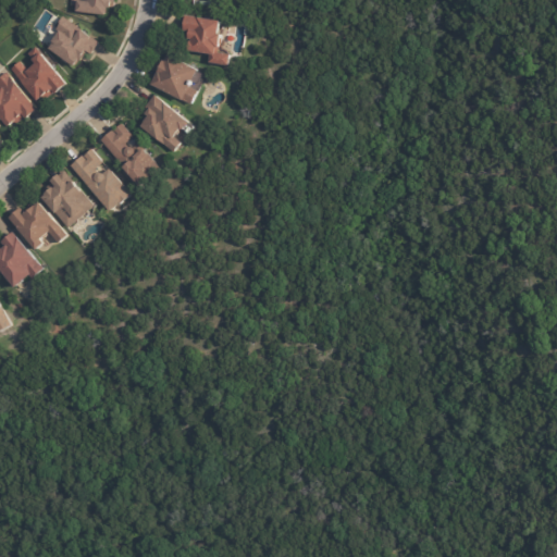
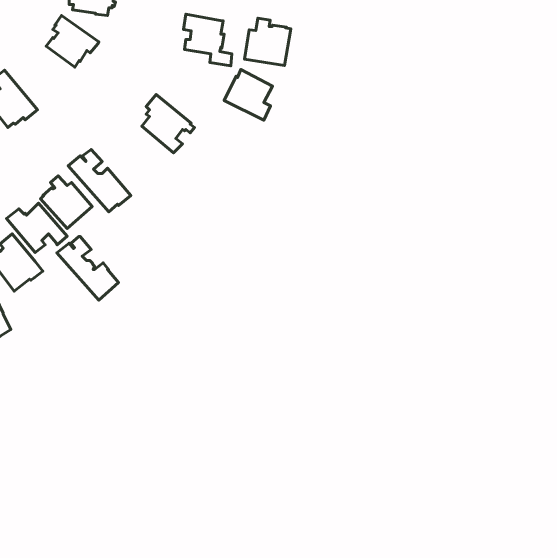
building: none -> [245,18,291,66]
building: [9,46,66,101] -> none
building: [149,53,197,103] -> [224,70,273,120]
building: [99,123,160,186] -> [57,236,119,300]

